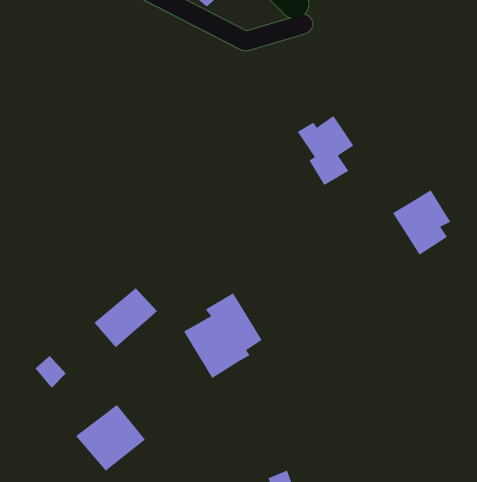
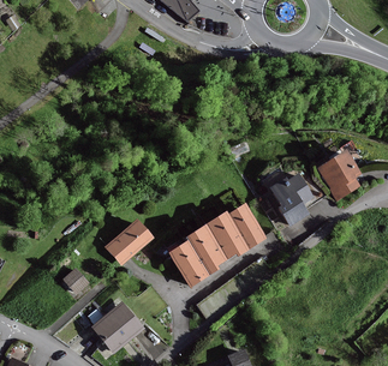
building: [297,115,354,186] -> [271,175,312,226]
building: none -> [205,204,265,258]

